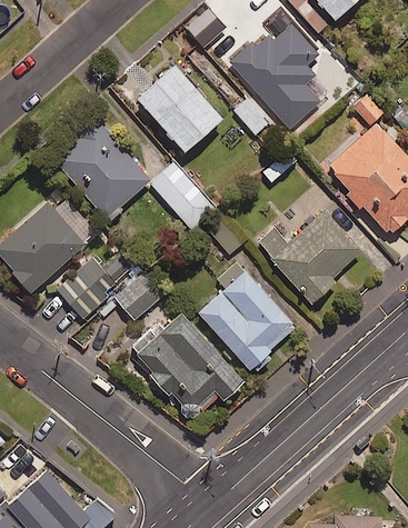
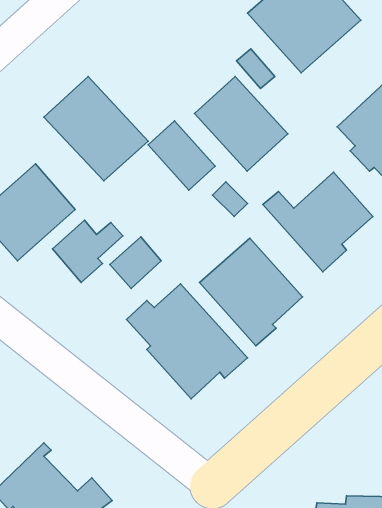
building: [136,66,222,153] -> [195,76,288,171]

